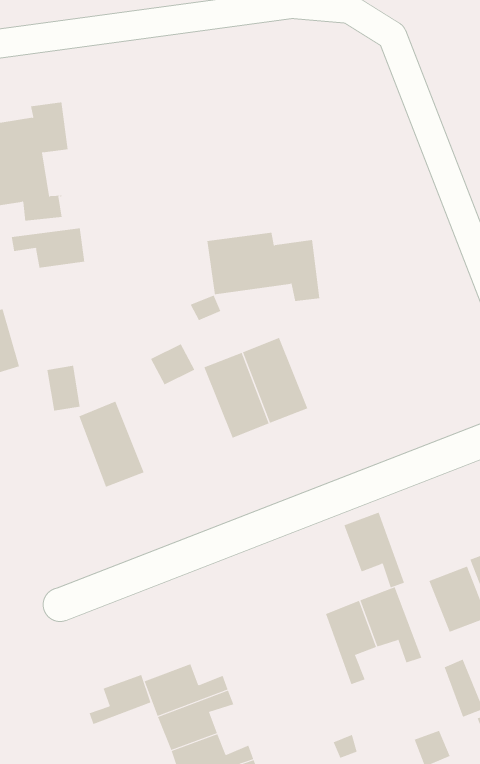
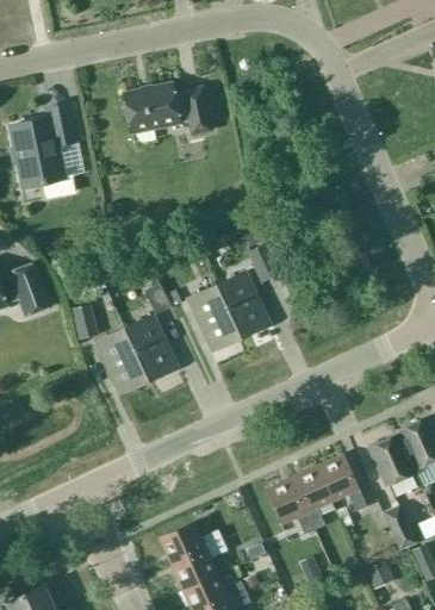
building: [11,228,85,268] -> none
building: [207,232,320,302] -> [123,83,211,135]
building: none -> [124,315,176,380]
building: [344,512,405,588] -> [266,478,315,535]
building: [89,674,151,725] -> none

